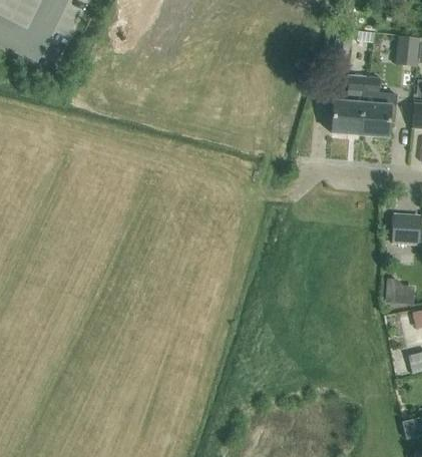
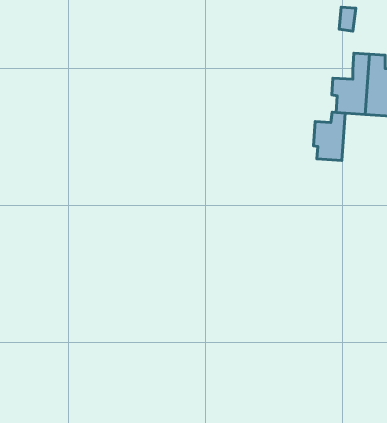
building: none -> [314,112,345,160]

